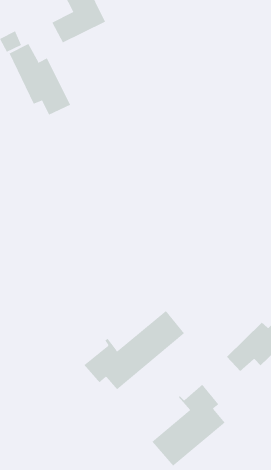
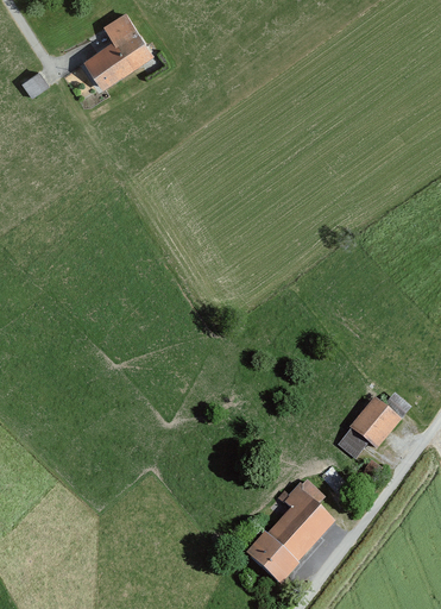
building: [9,43,71,116] -> none
building: [84,310,185,390] -> none

